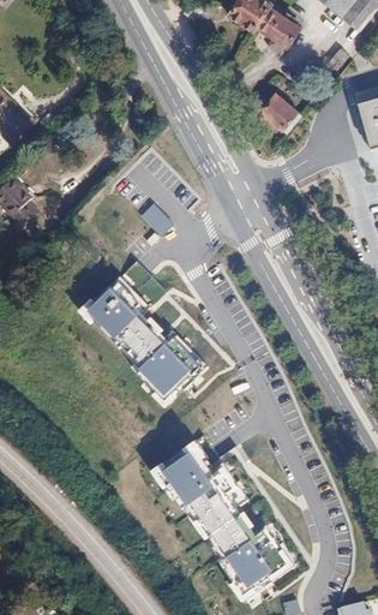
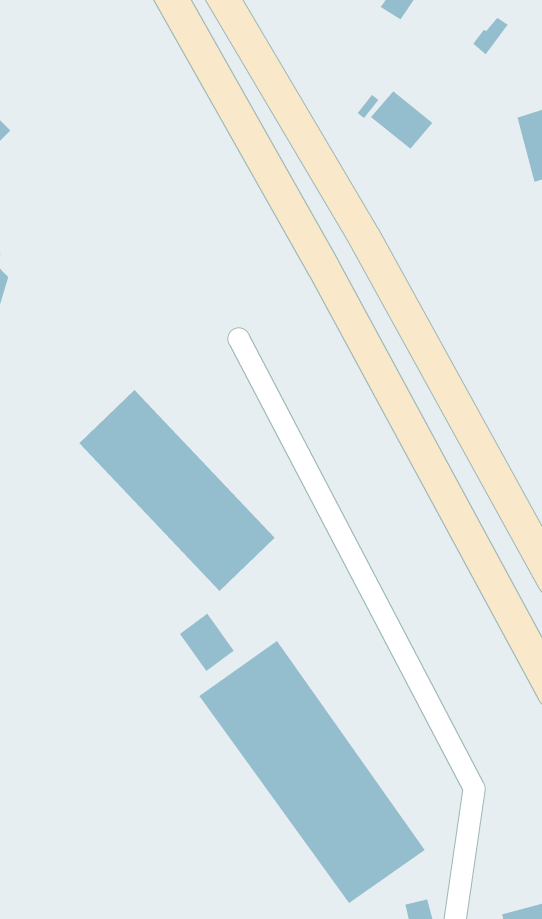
building: [143,202,175,235] -> none
building: none -> [179,612,235,672]

